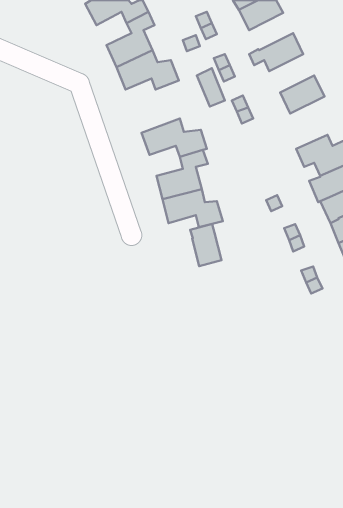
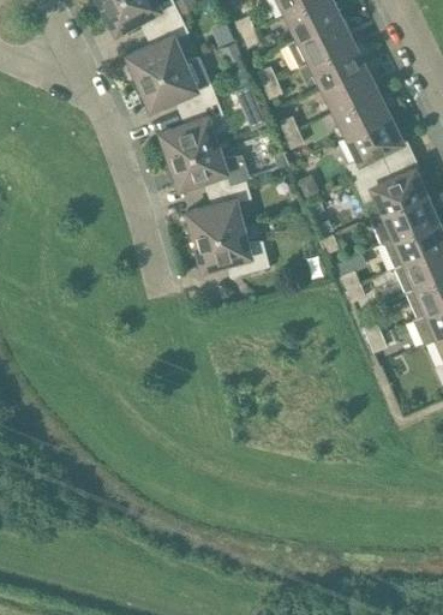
building: none -> [288,17,352,66]
building: none -> [323,66,377,112]
building: none -> [161,97,221,160]
building: none -> [348,117,401,179]
building: [190,224,221,266] -> none

